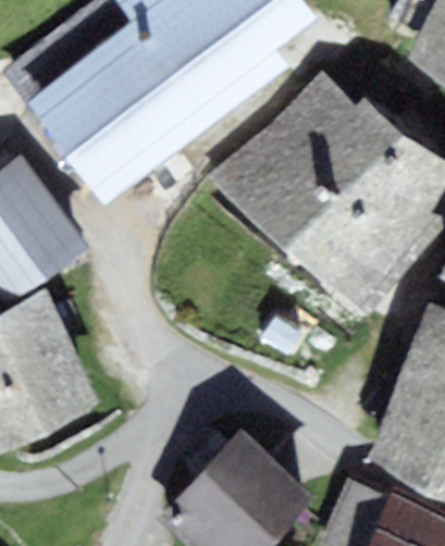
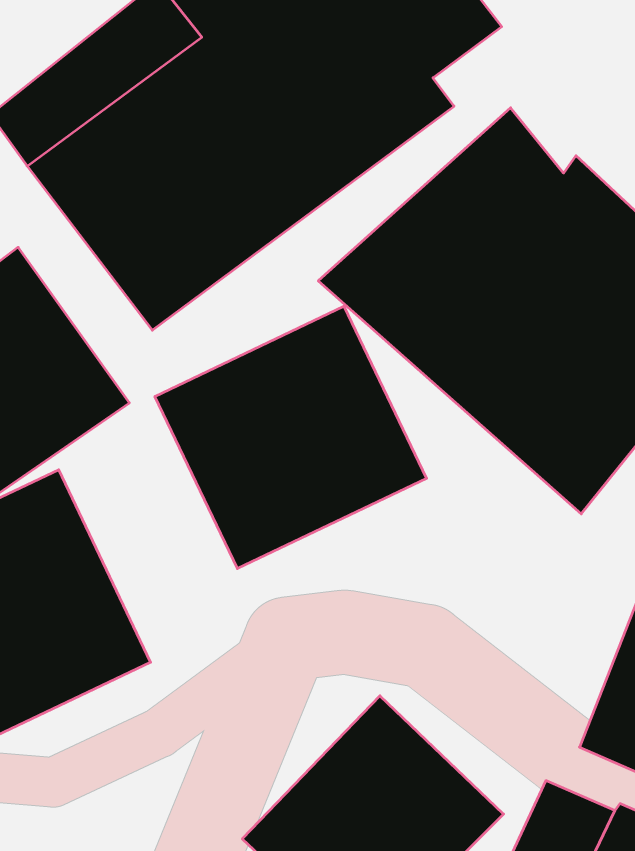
building: none -> [155,306,427,569]

